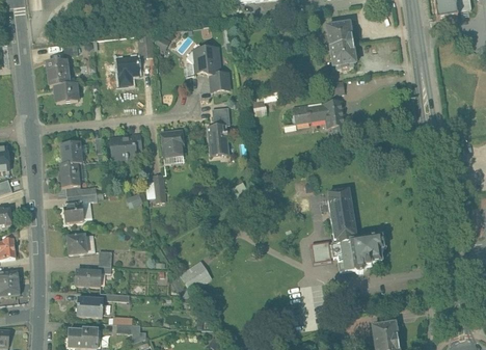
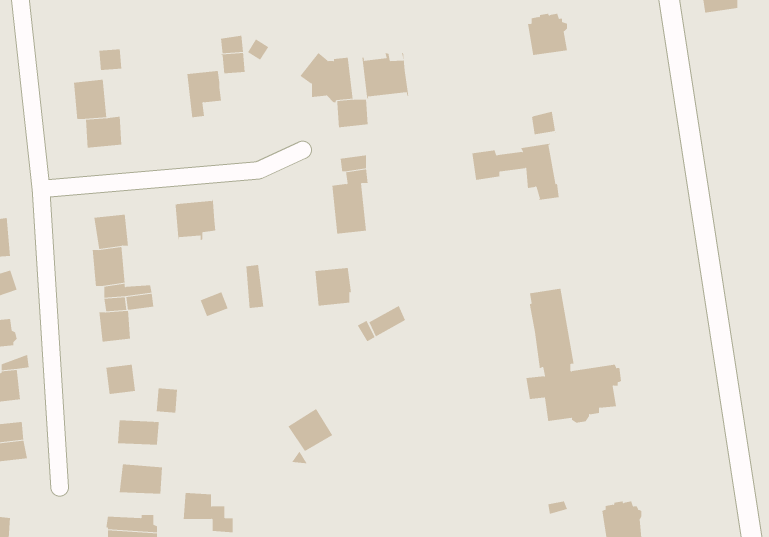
building: [330,42,357,69] -> none
building: none -> [362,52,409,99]
building: [161,130,184,154] -> [315,268,352,306]

